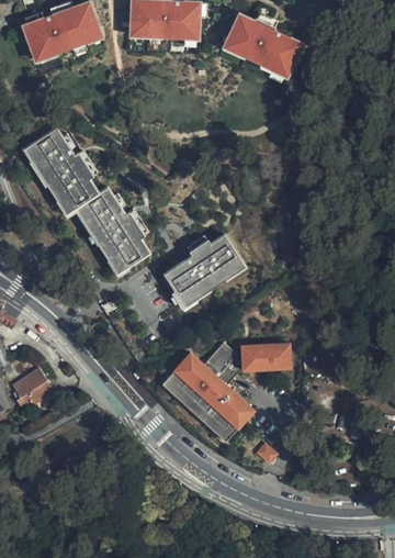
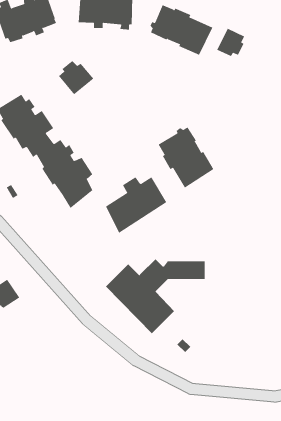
building: none -> [217,28,245,57]
building: none -> [58,60,94,95]
building: none -> [158,127,214,189]

